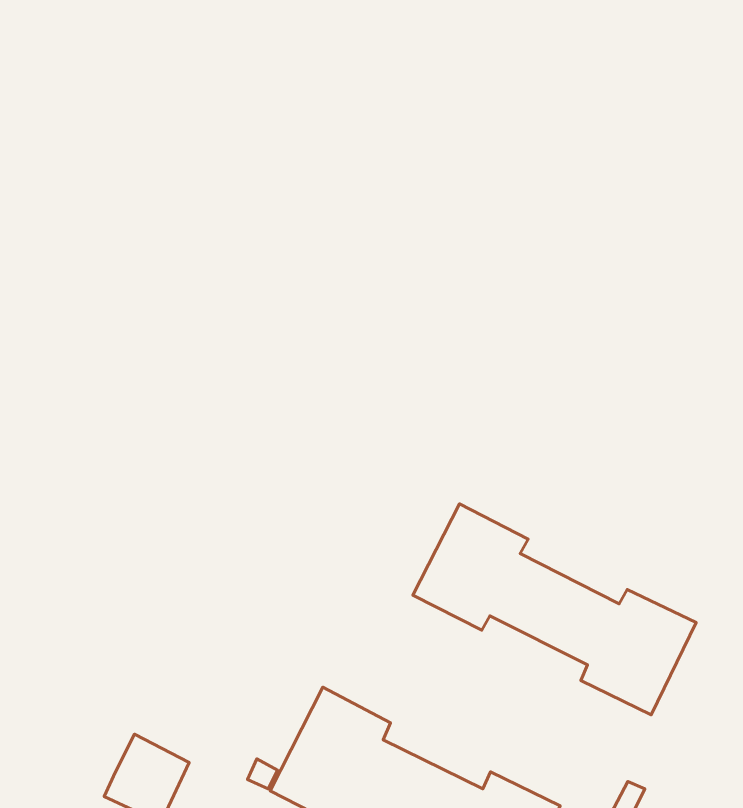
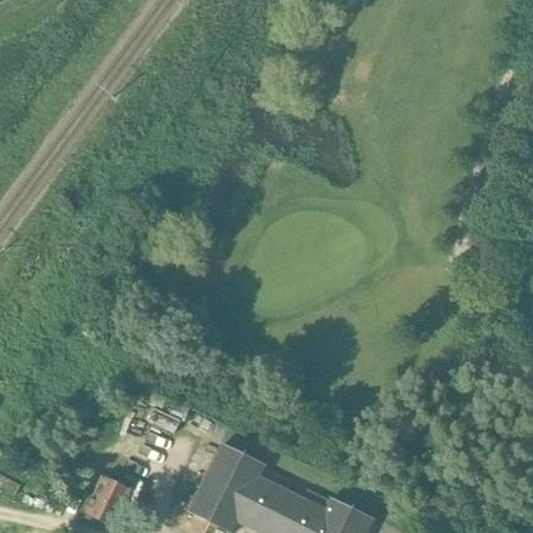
building: [413,504,696,715] -> none

